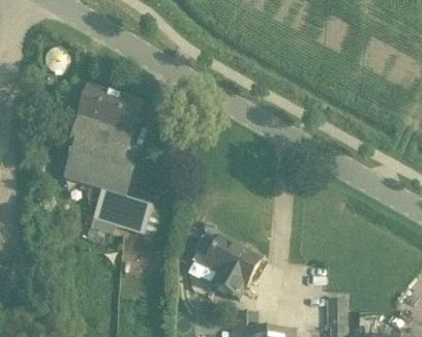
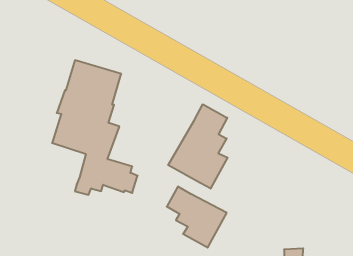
building: none -> [168,104,228,189]

